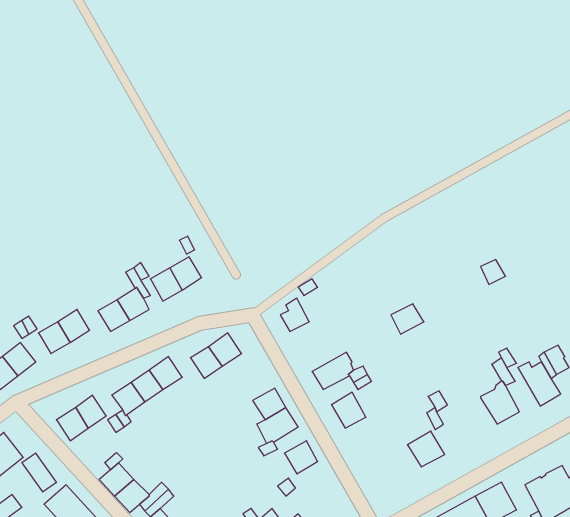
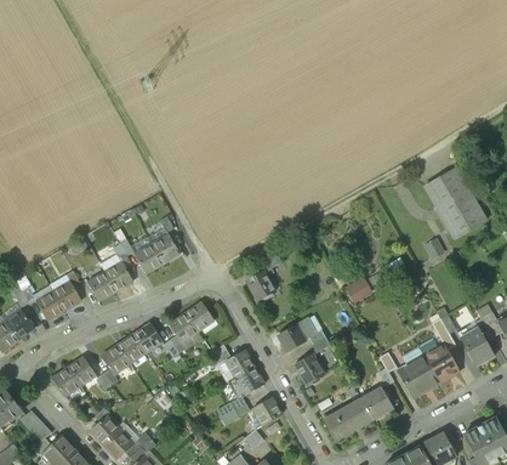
building: none -> [425,166,486,237]
building: none -> [397,358,439,398]
building: none -> [323,399,372,441]

